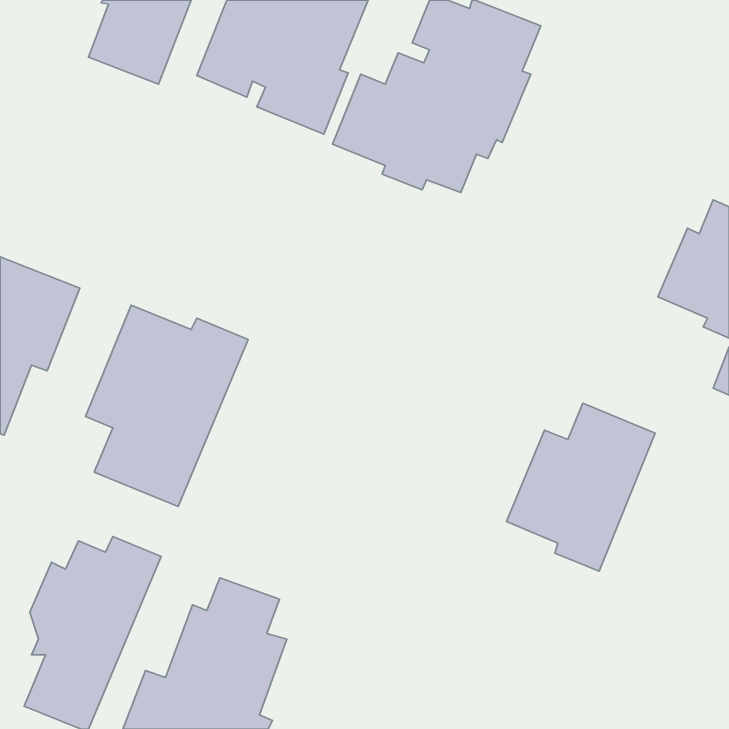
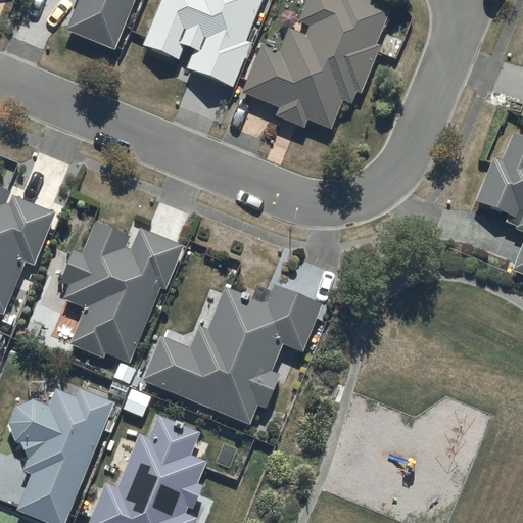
building: none -> [145,276,326,419]
building: [506,403,655,571] -> none

